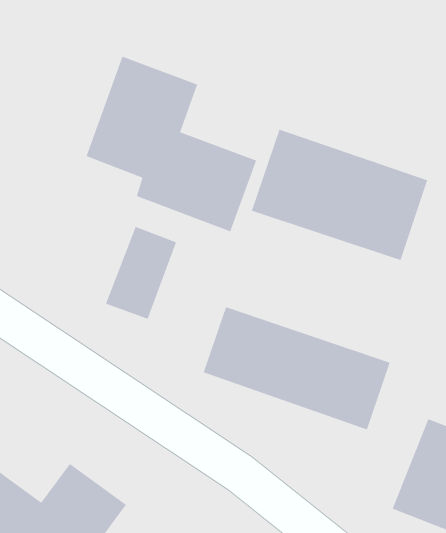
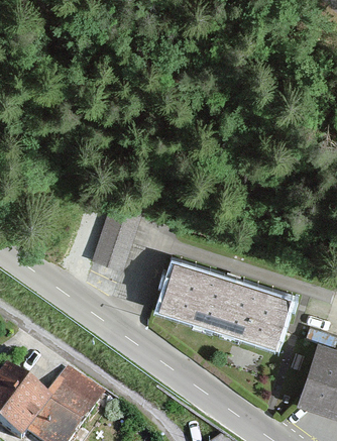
building: [86,56,257,232] -> none
building: [251,129,428,261] -> none

